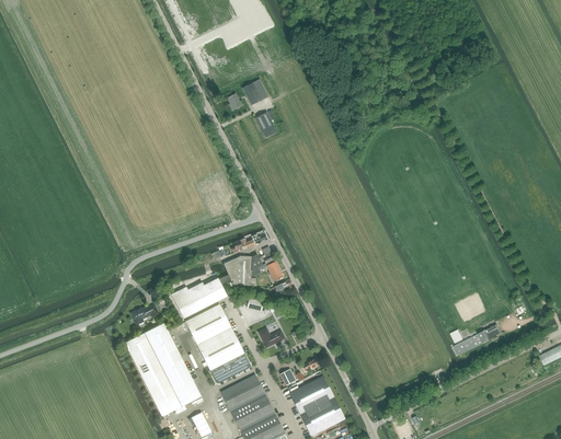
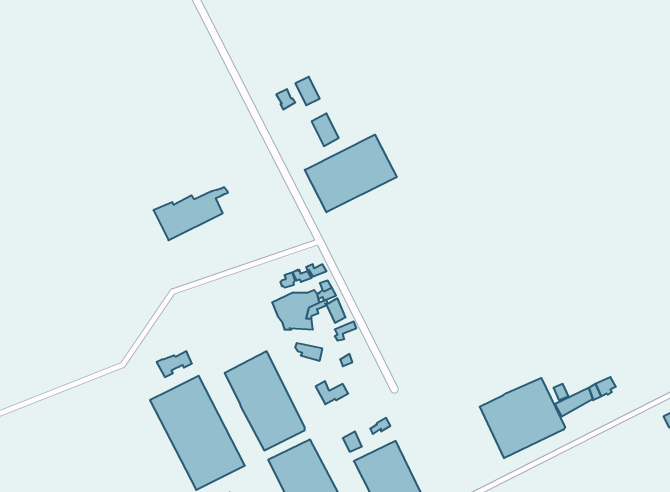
building: none -> [305,135,397,212]
building: [171,275,231,317] -> [153,187,228,240]
building: none -> [480,378,565,458]

